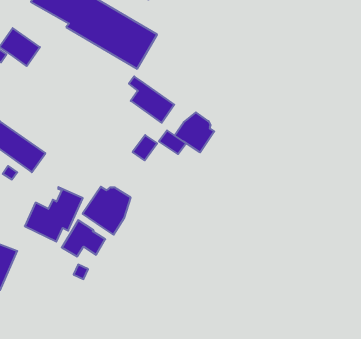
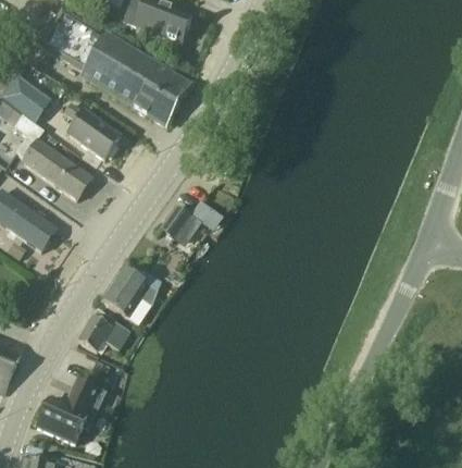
building: none -> [15,115,93,199]
building: [129,76,174,123] -> [66,103,121,159]
building: [174,112,214,152] -> none
building: [25,187,83,242] -> [37,379,107,444]

